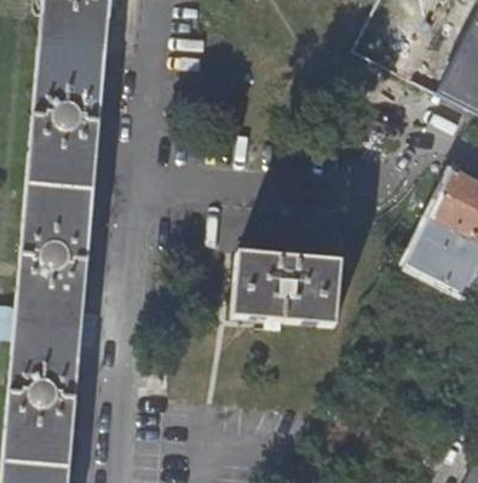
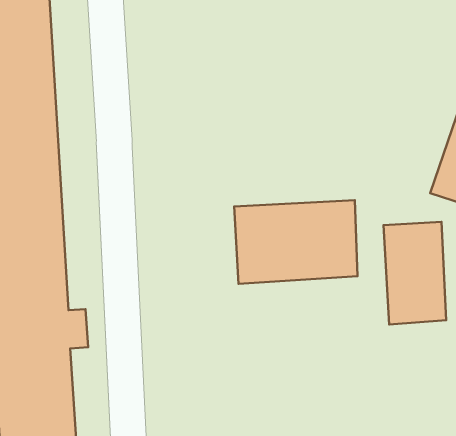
building: none -> [383,222,446,325]

